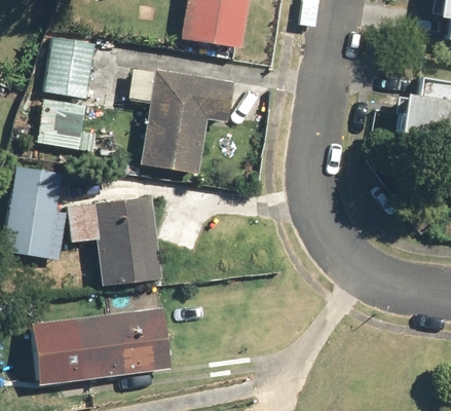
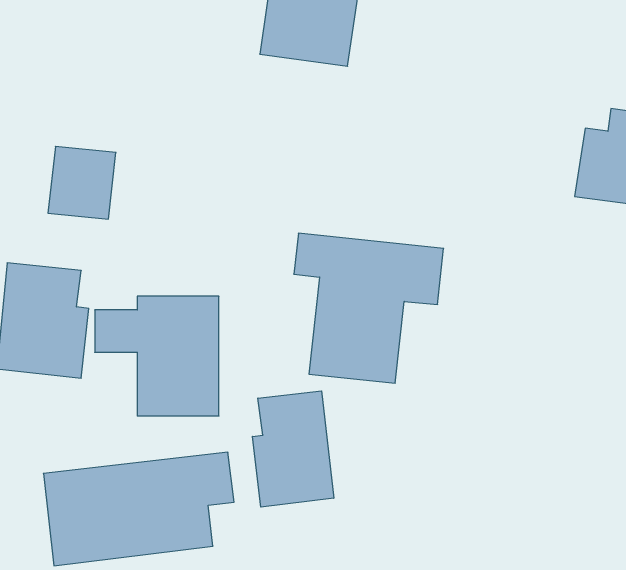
building: [42,37,95,98] -> none
building: [131,70,233,172] -> [294,233,444,383]
building: none -> [252,391,334,507]

